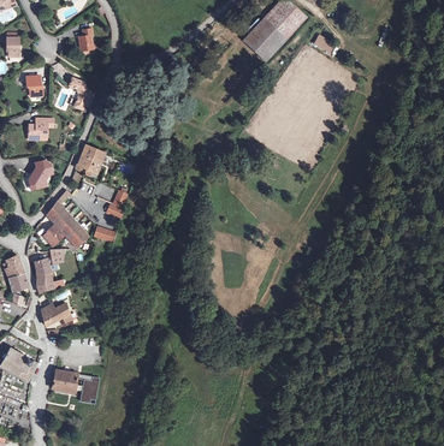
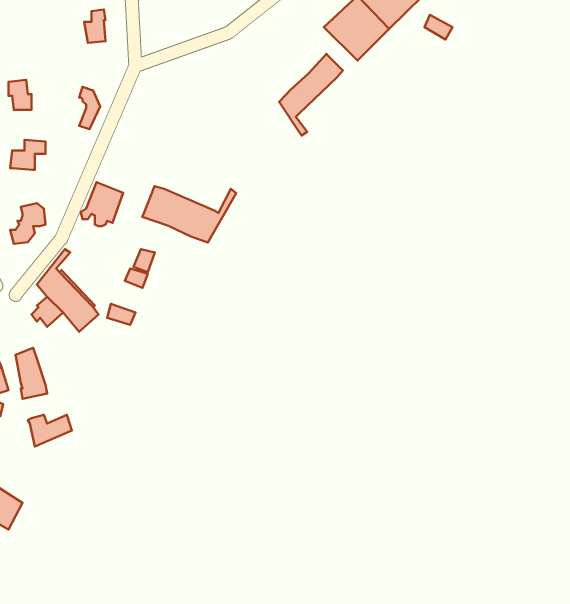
building: none -> [279,54,343,135]
building: none -> [142,186,236,243]
building: [49,368,99,405] -> none

